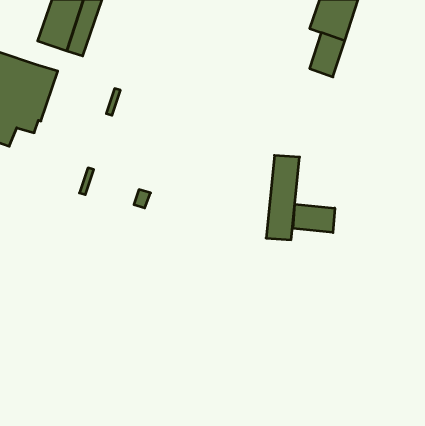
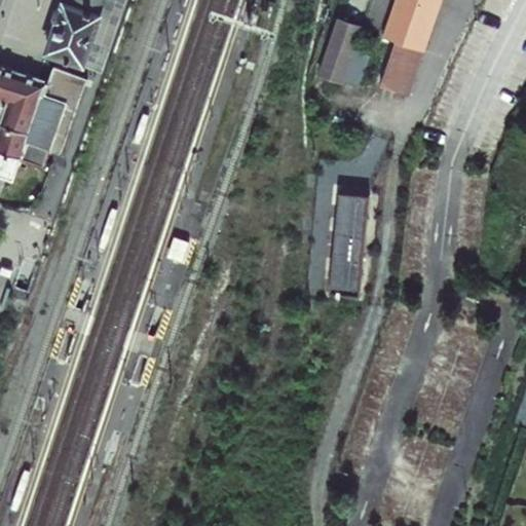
building: none -> [320,18,369,85]
building: none -> [46,65,85,152]
building: [293,204,335,233] -> none

